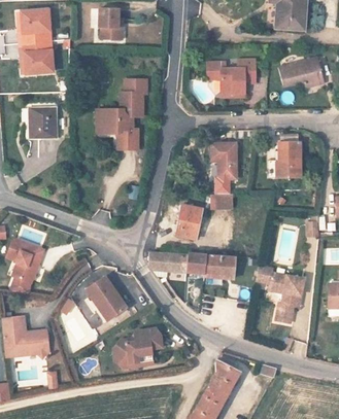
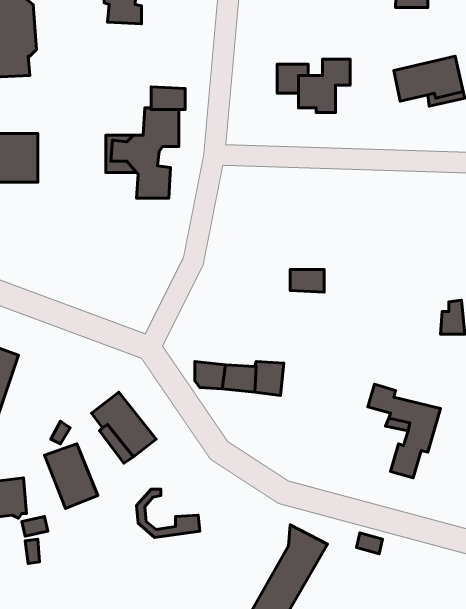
building: [281,143,305,180] -> none
building: [213,145,240,180] -> none
building: [180,206,207,240] -> none
building: [209,255,240,280] -> none
building: [123,325,167,361] -> none

